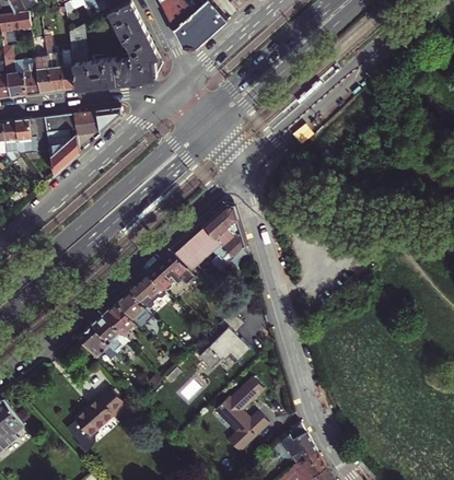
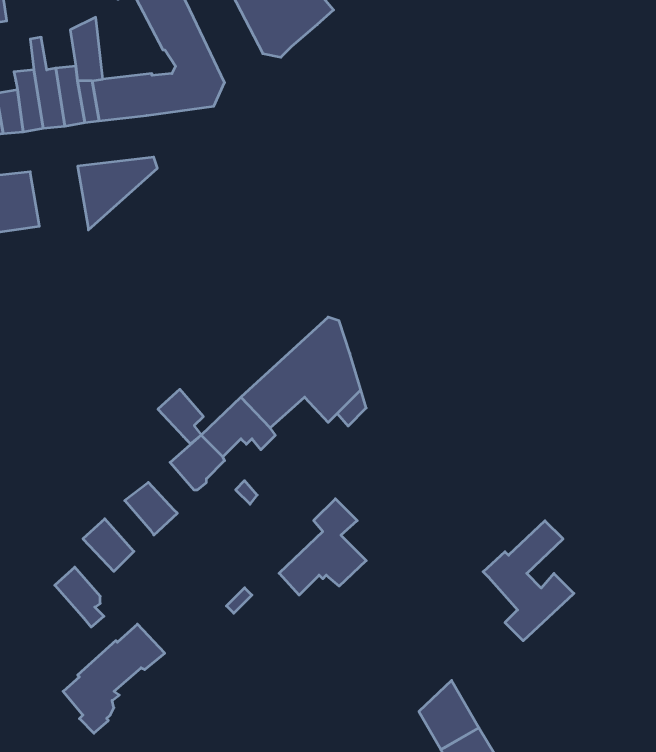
building: [44,115,79,176] -> none
building: [115,293,142,326] -> [158,389,203,444]
building: [89,316,118,352] -> [55,567,104,627]
building: [211,379,266,452] -> [483,521,574,641]

